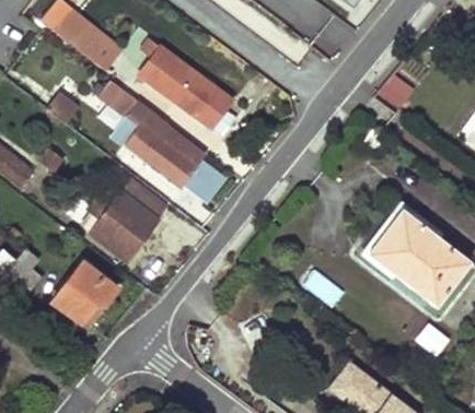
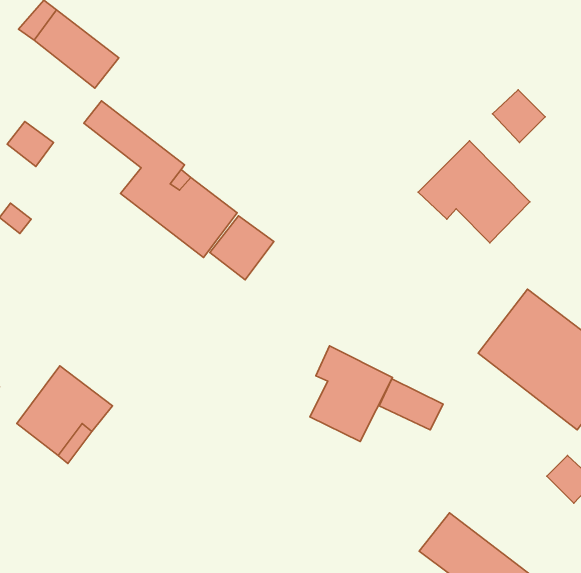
building: [150,47,233,128] -> none
building: none -> [418,141,530,243]
building: [88,179,167,261] -> none
building: none -> [310,346,393,442]

